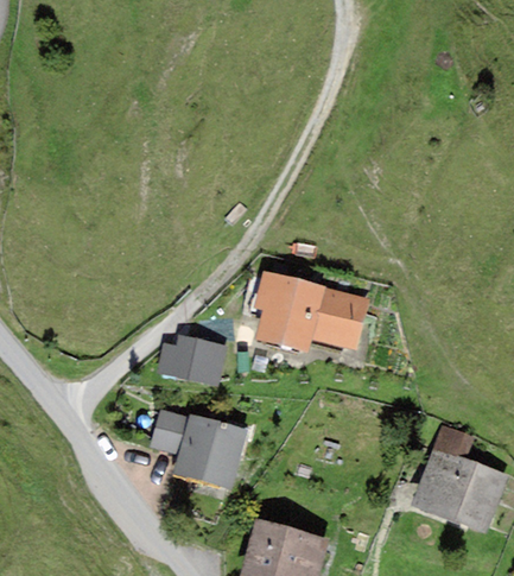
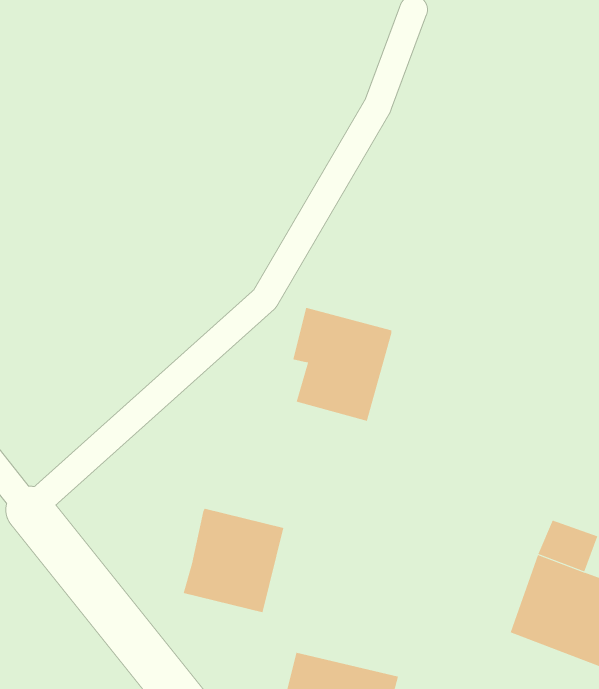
building: [311,287,368,350] -> none
building: [156,335,224,385] -> none
building: [148,410,188,455] -> none

